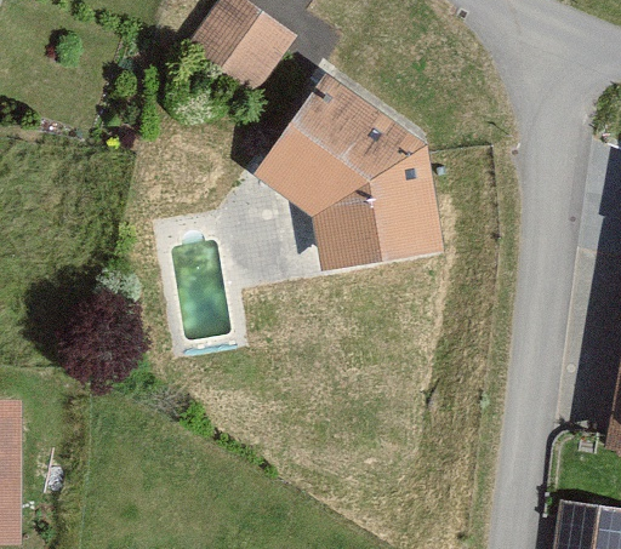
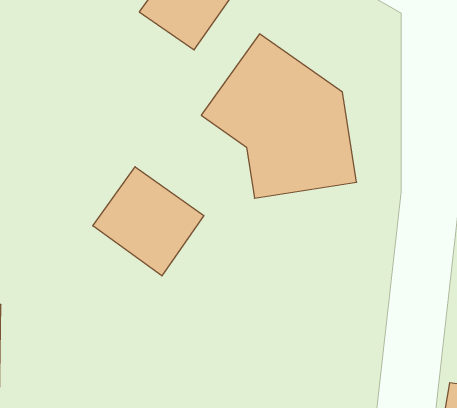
building: none -> [93,167,204,276]

